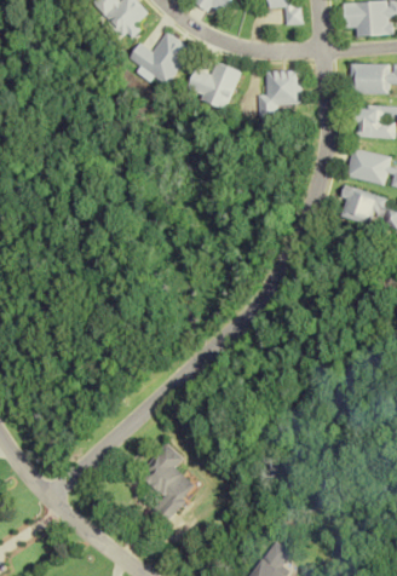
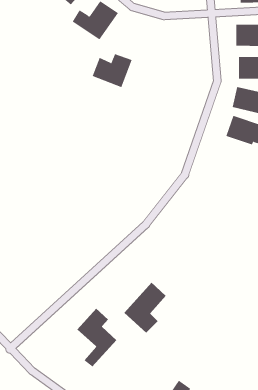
building: [188,63,242,109] -> [92,54,133,88]
building: [259,70,300,117] -> none
building: none -> [124,282,167,334]

